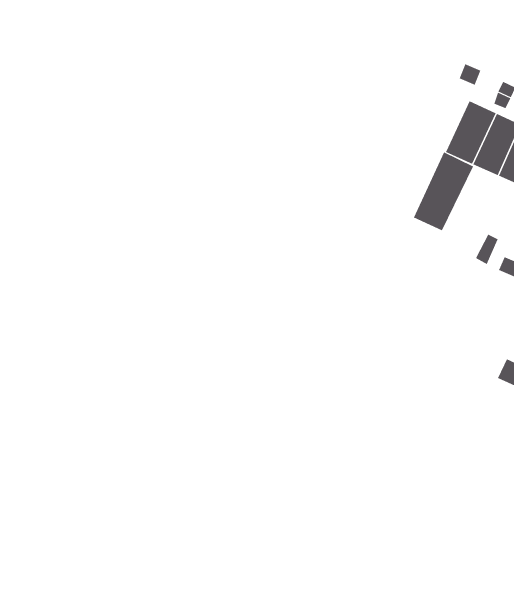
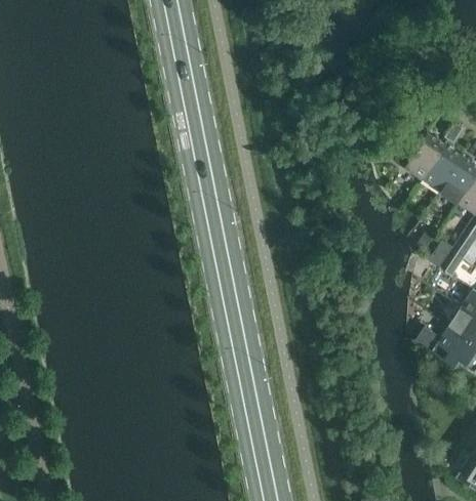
building: [413,152,474,231] -> none

